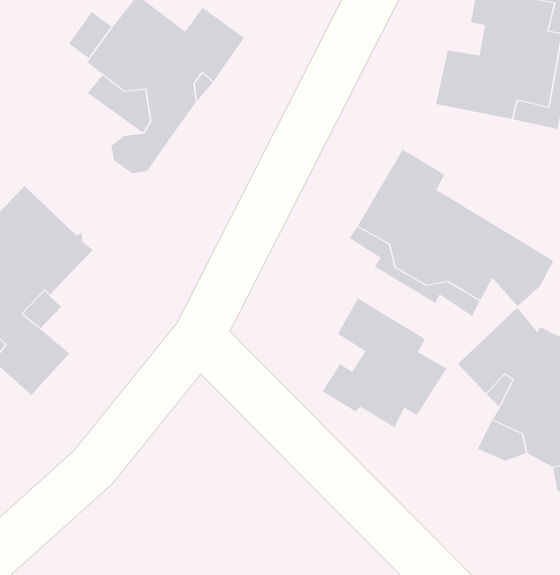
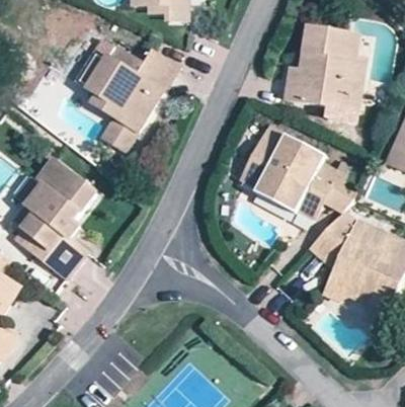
building: [322,297,447,428] -> none

